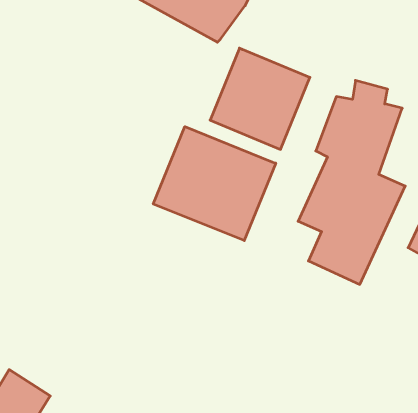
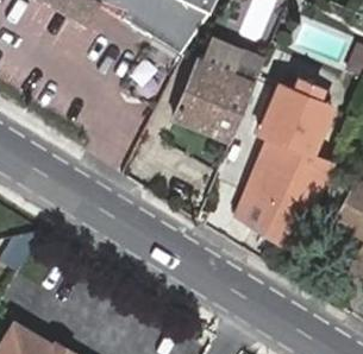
building: none -> [200,38,264,82]
building: [153,127,276,241] -> none

